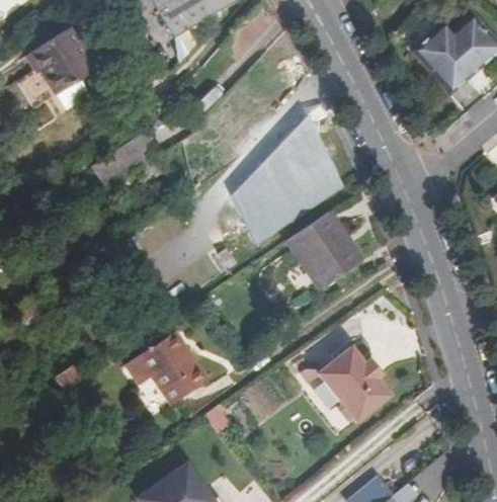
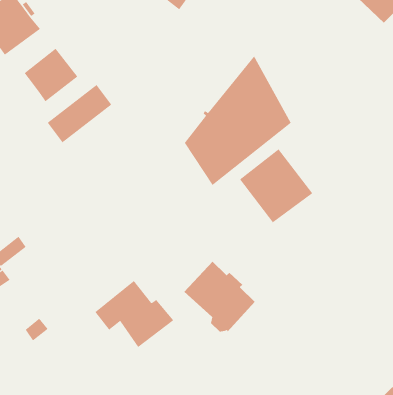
building: none -> [24,48,78,102]
building: [315,348,388,423] -> [184,261,256,333]

